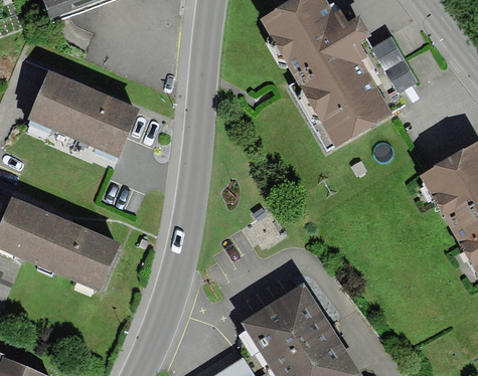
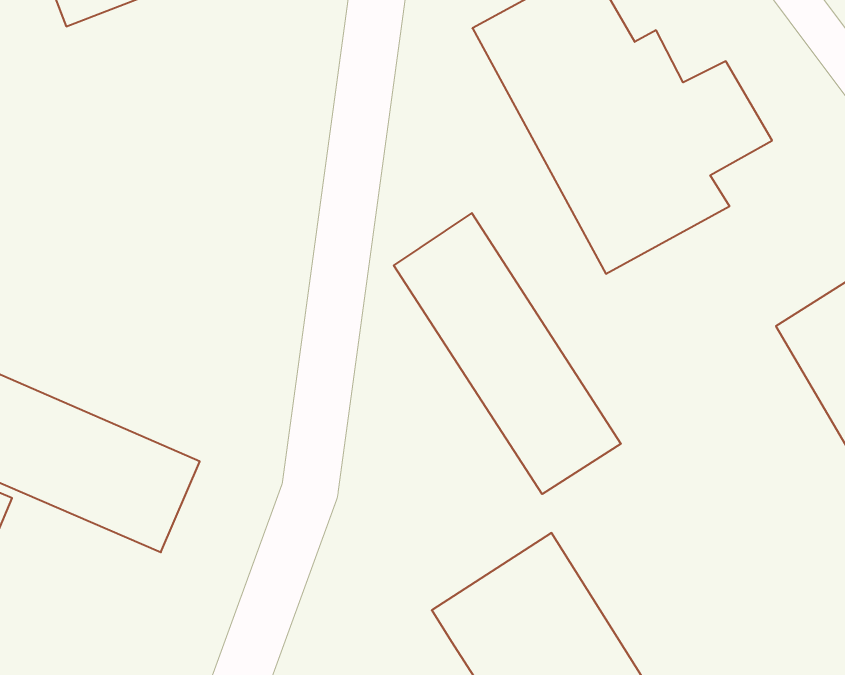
building: [27,67,142,159] -> none
building: none -> [394,213,621,494]

